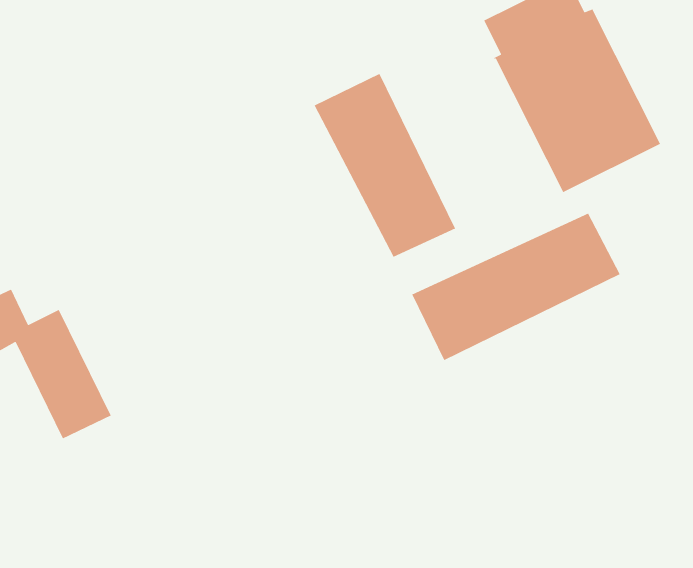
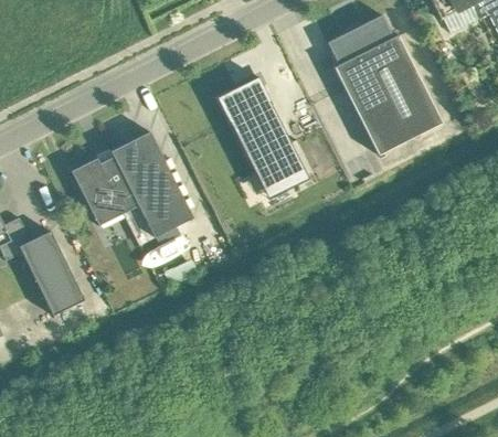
building: none -> [72,130,194,237]
building: [411,213,621,361] -> none

